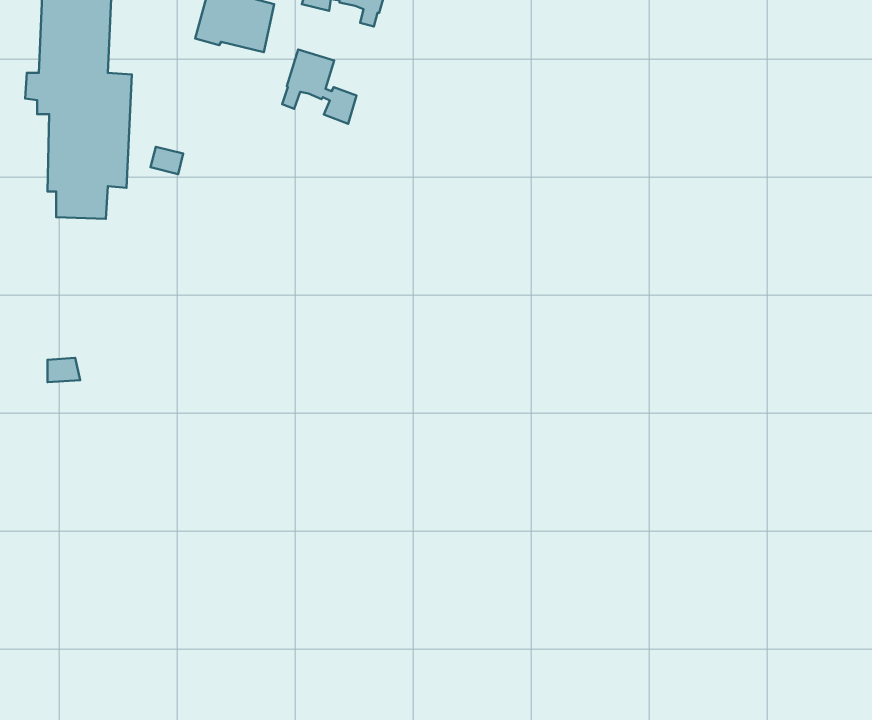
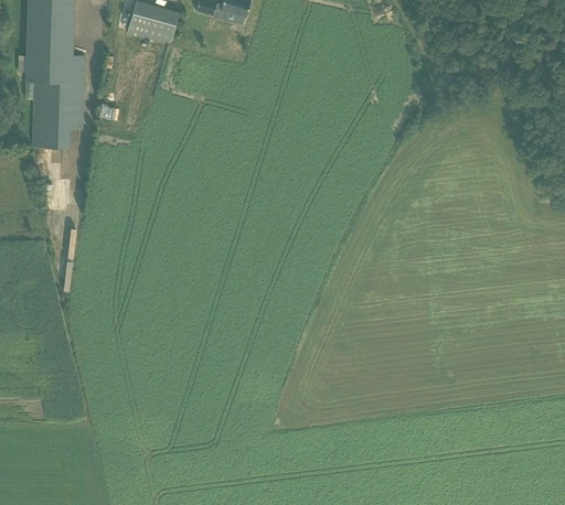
building: [282,49,357,124] -> none

